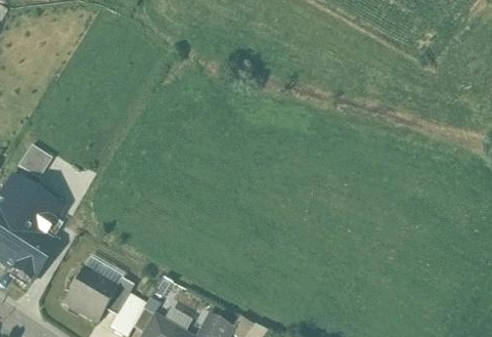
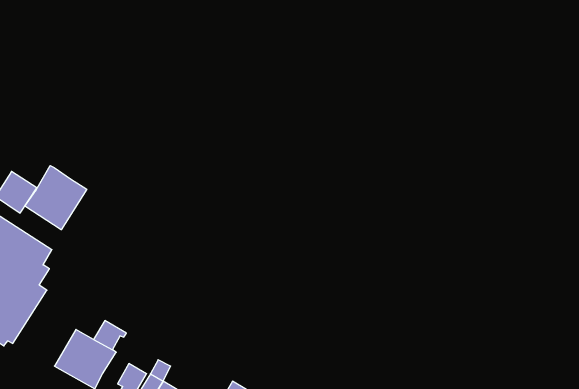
building: none -> [25,166,87,230]
building: [104,278,134,317] -> none

